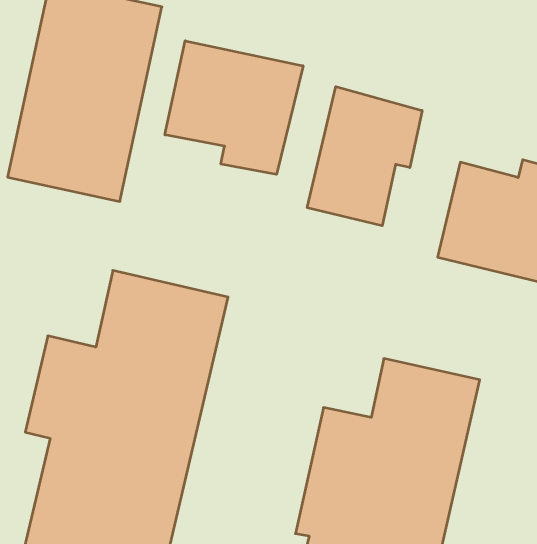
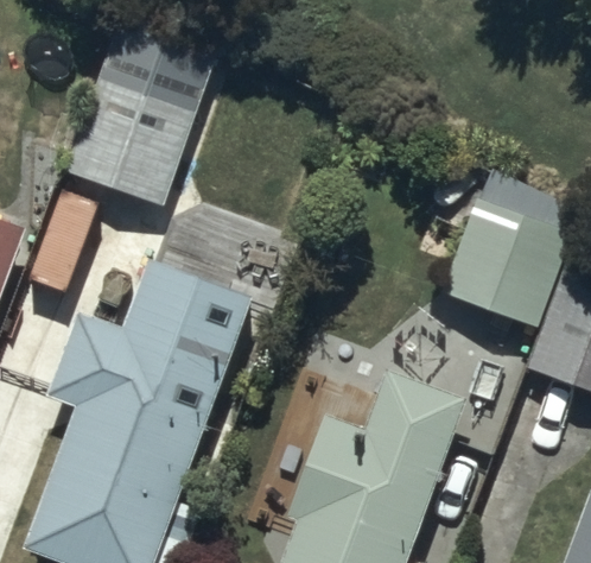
building: [165,41,303,174] -> none
building: [307,87,422,226] -> none

